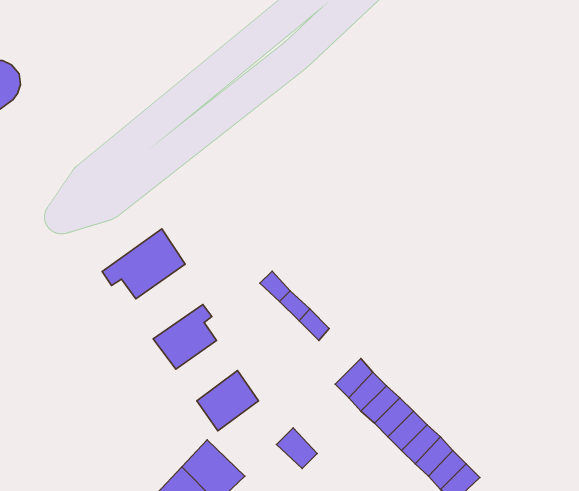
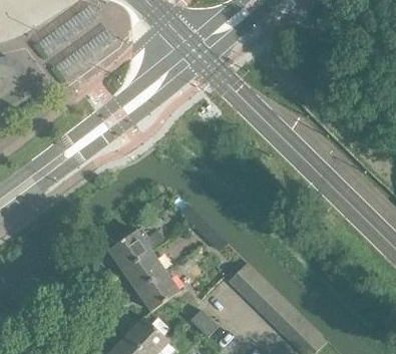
building: [102,229,185,299] -> none
building: none -> [122,252,163,292]

